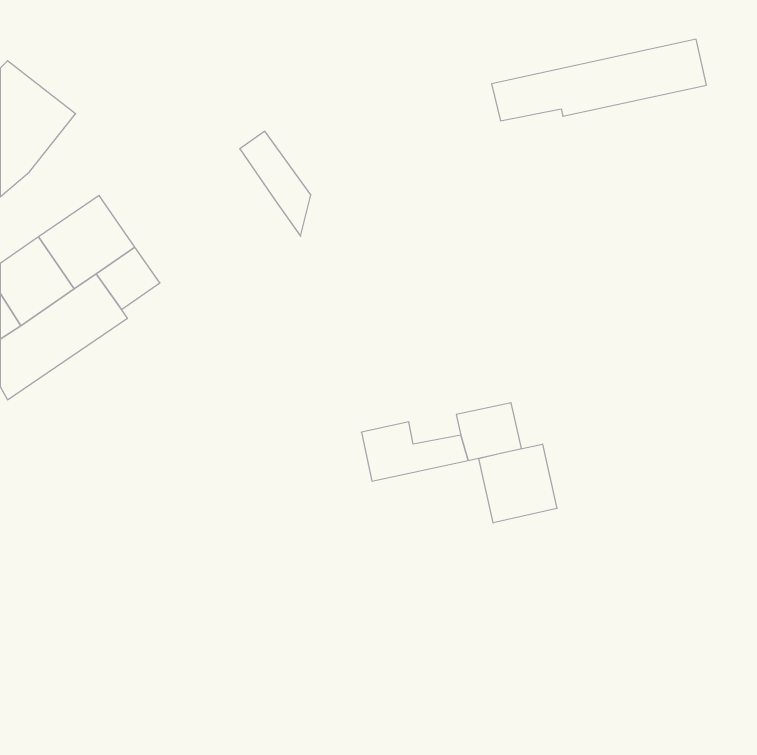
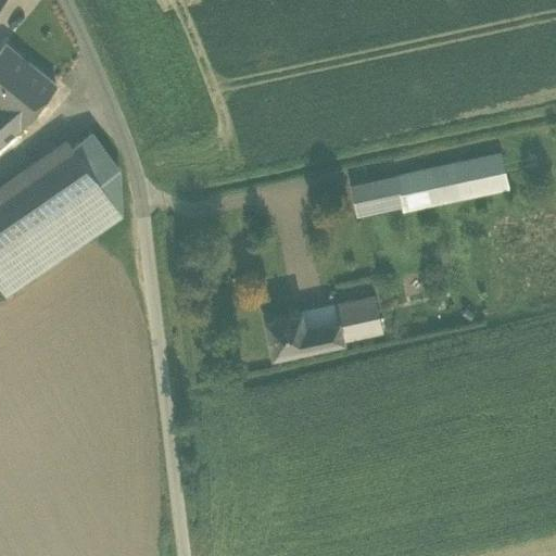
building: [492,39,706,121] -> [350,154,507,214]
building: [240,131,311,236] -> [73,131,125,208]
building: none -> [300,303,338,327]
building: [479,444,557,523] -> none

